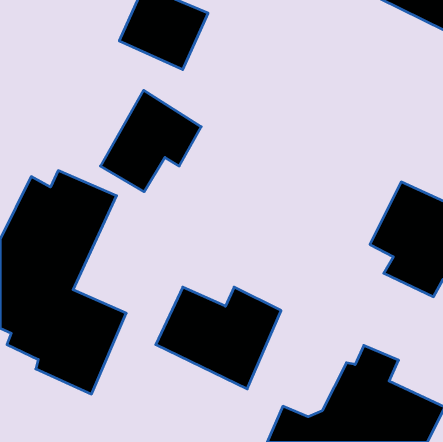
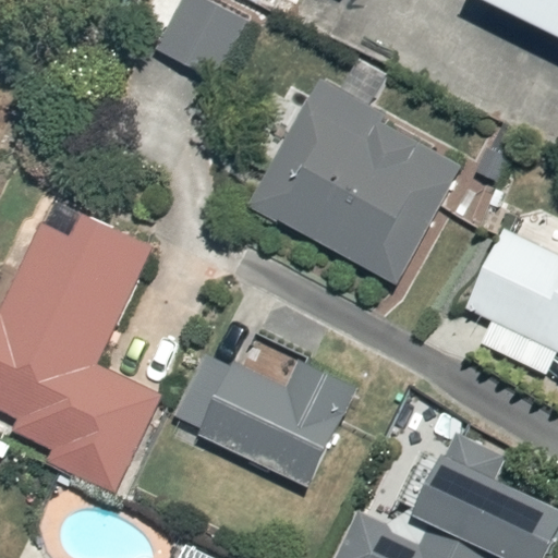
building: none -> [246,78,462,283]
building: [100,90,201,192] -> none

